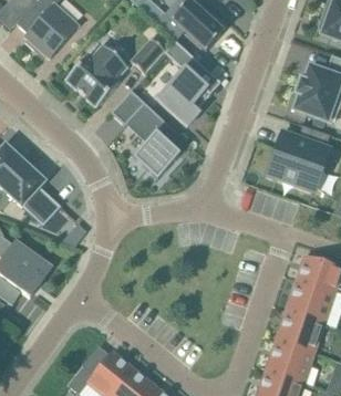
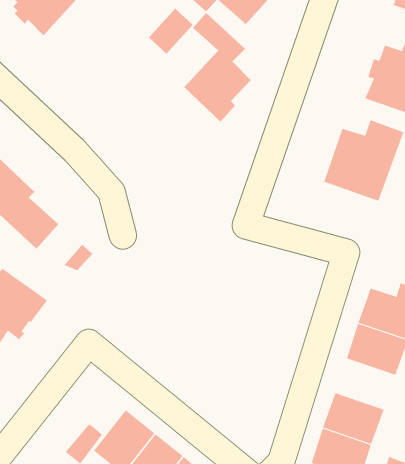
building: [66,44,127,106] -> none
building: [110,91,179,180] -> none
building: [277,311,324,351] -> none

